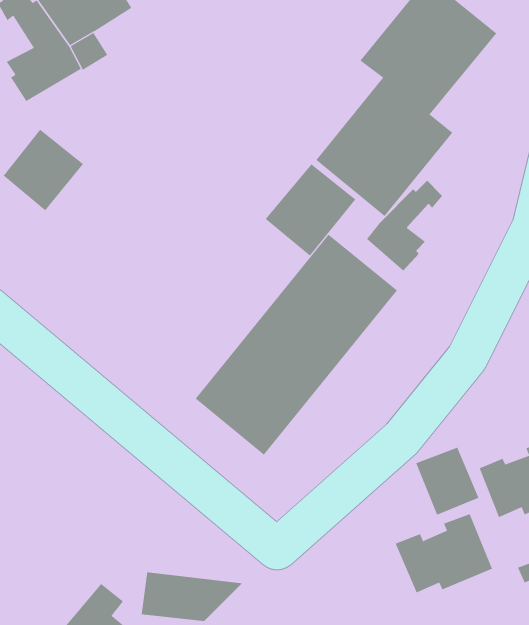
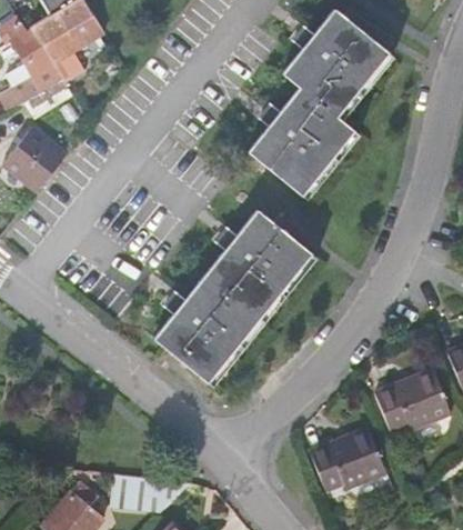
building: [265,164,356,256] -> none
building: [365,180,443,271] -> none
building: [416,447,479,515] -> none

